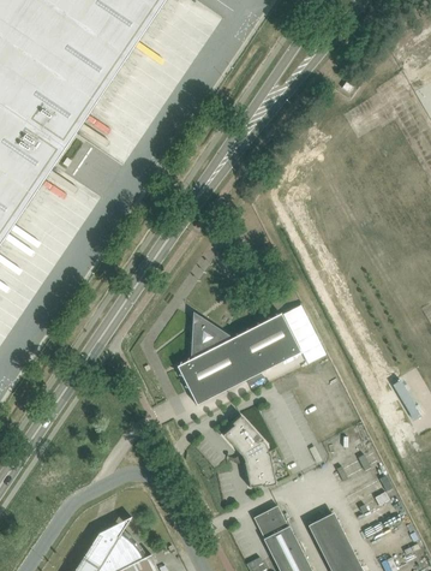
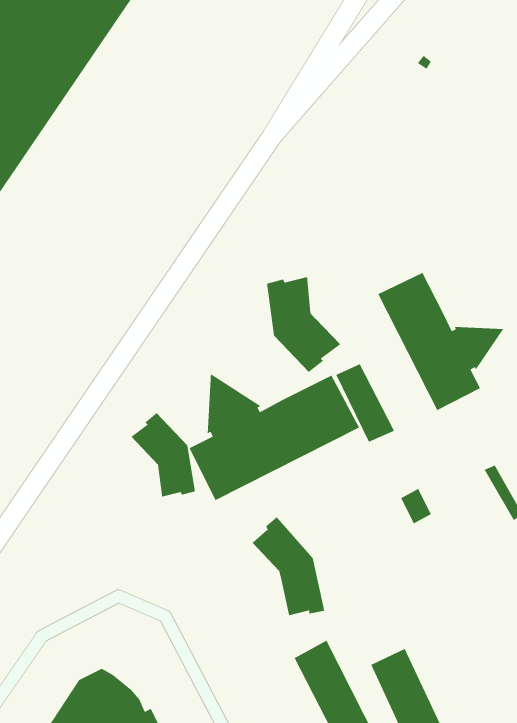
building: none -> [377,272,505,411]
building: none -> [266,276,341,373]
building: none -> [131,412,196,497]

